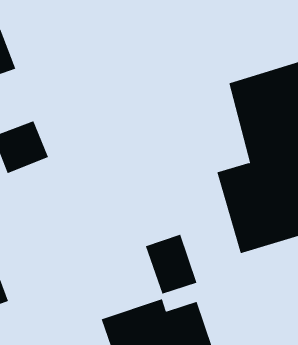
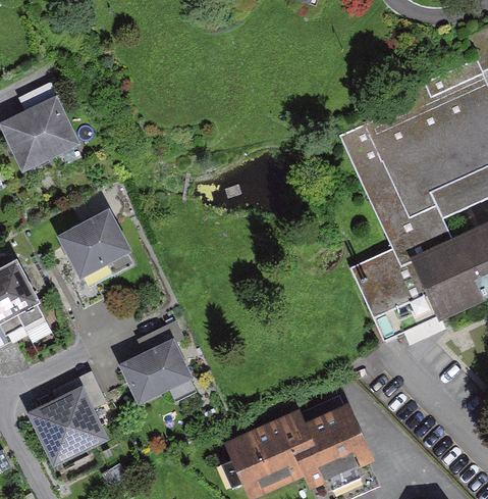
building: none -> [125,339,195,402]
building: [145,234,197,295] -> none

